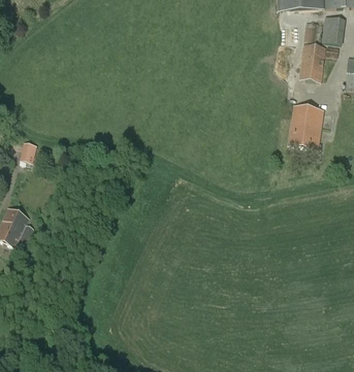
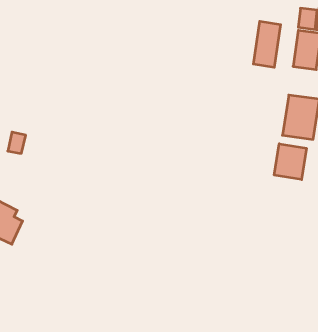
building: none -> [253,21,281,67]
building: none -> [274,144,306,180]

